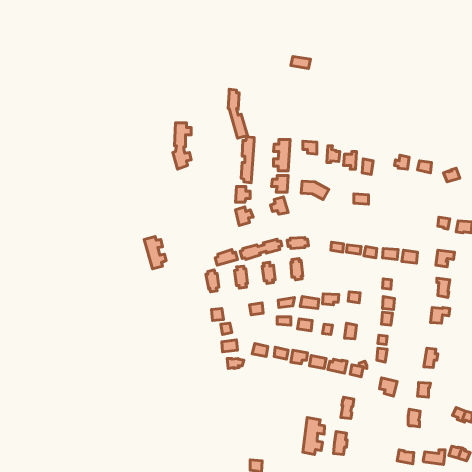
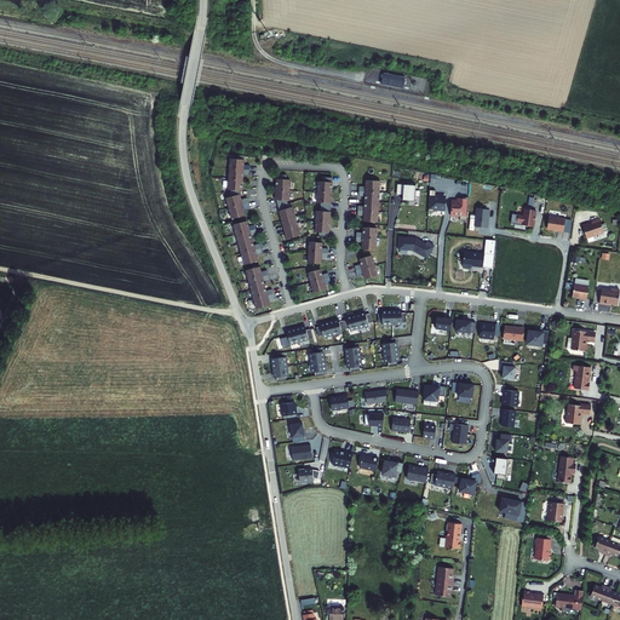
building: [228,89,248,138] -> [276,177,302,241]
building: none -> [234,223,263,266]
building: [144,237,166,269] -> [246,269,275,311]
building: [303,418,325,454] -> none

